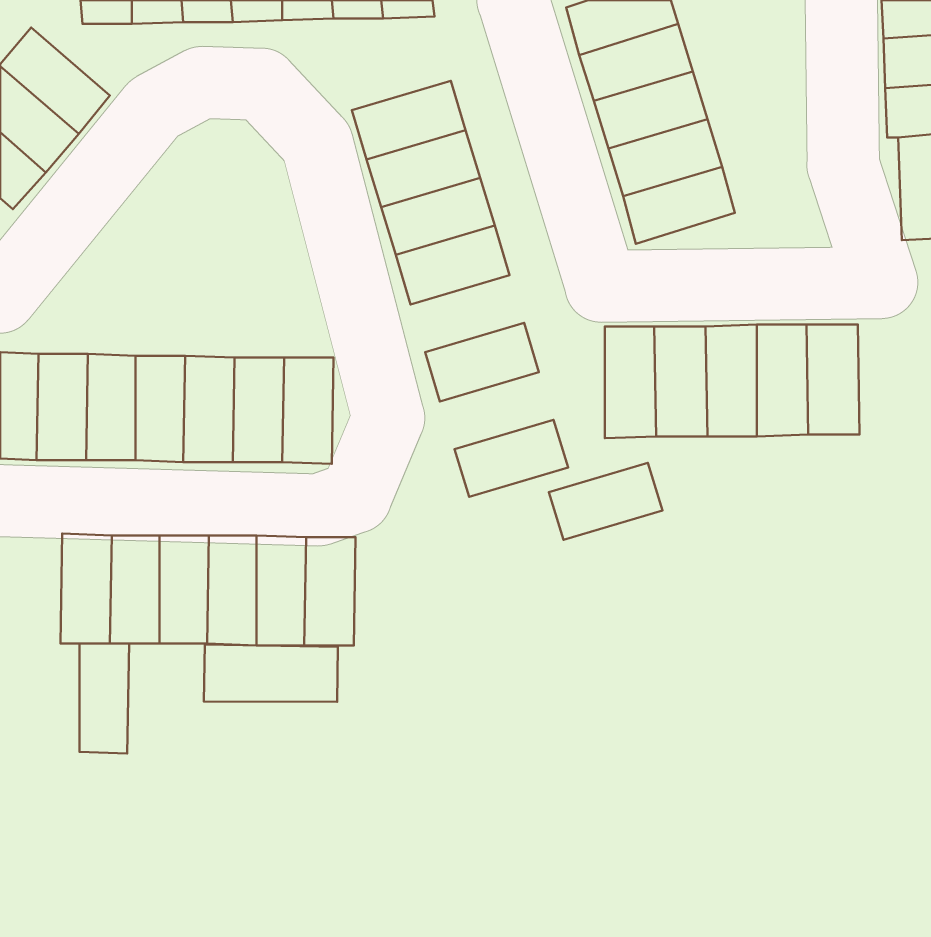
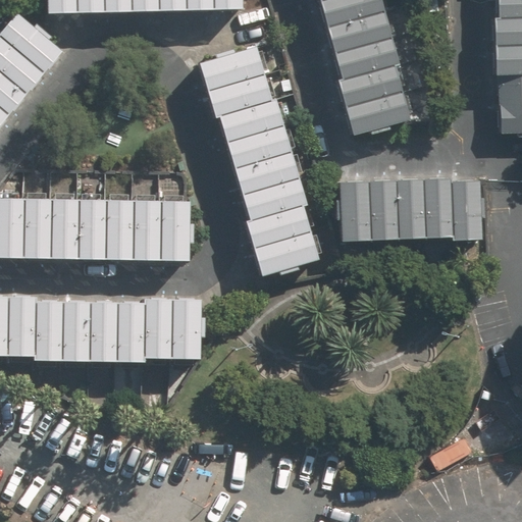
building: none -> [231,153,295,196]
building: [549,463,663,540] -> [248,207,311,250]
building: [80,644,129,754] -> [10,297,38,358]
building: [204,645,338,702] -> none

